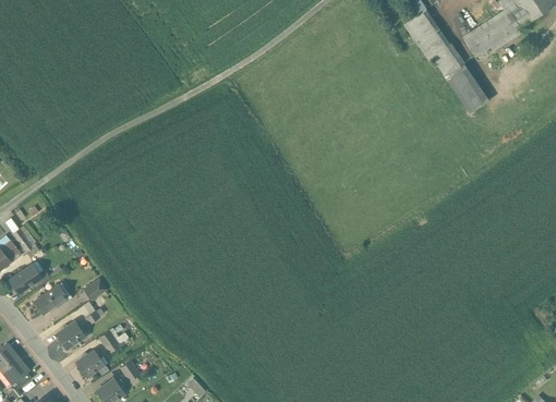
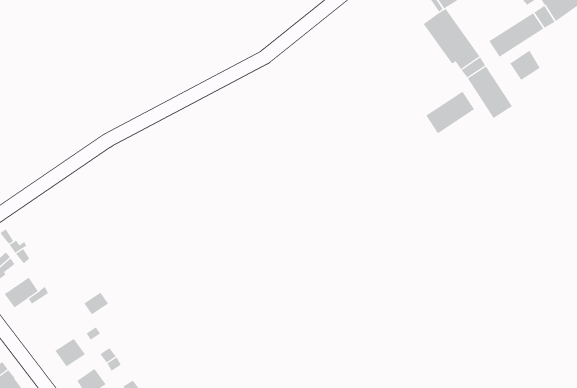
building: none -> [510,50,540,81]
building: none -> [425,91,475,134]
building: [34,283,69,314] -> none

